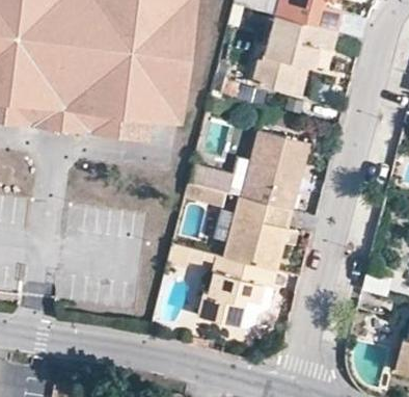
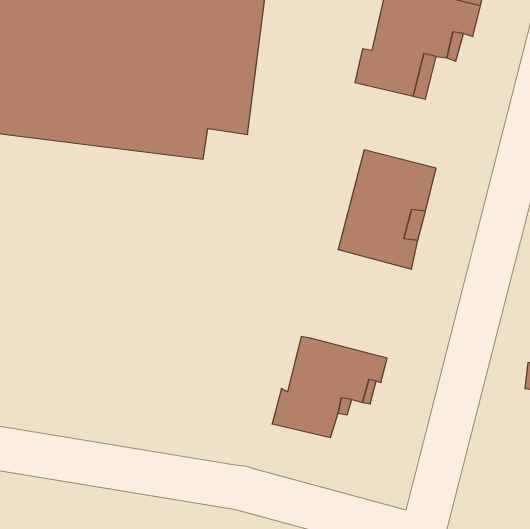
building: [223,198,292,272] -> none

